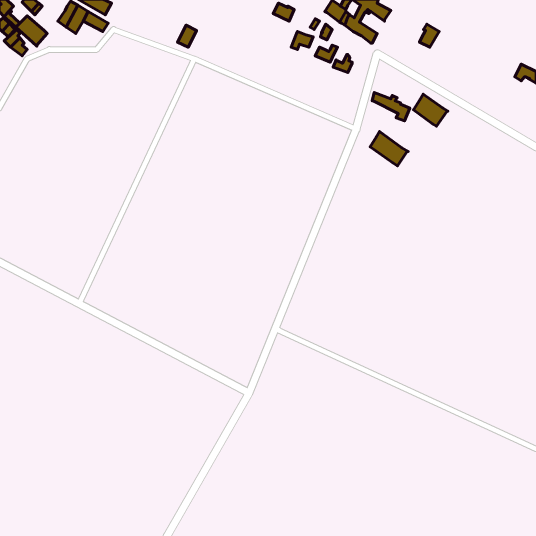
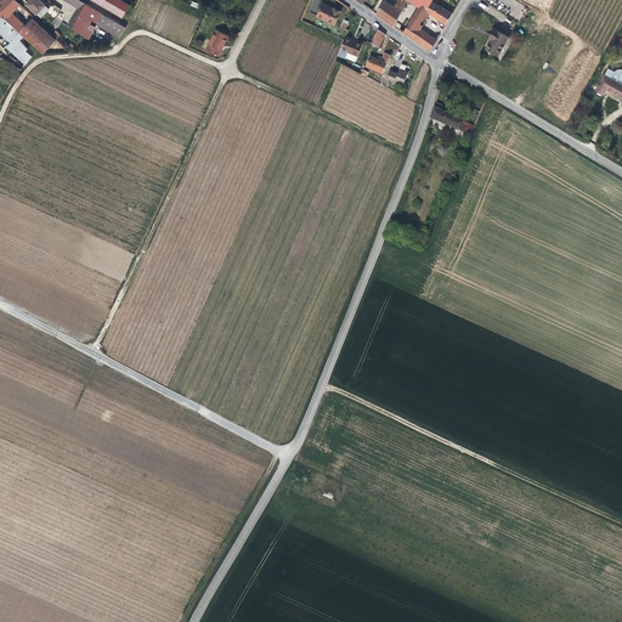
building: [413,94,448,126] -> none
building: [370,132,408,166] -> none

